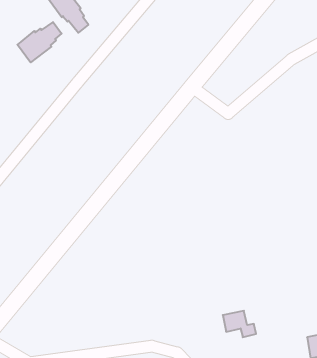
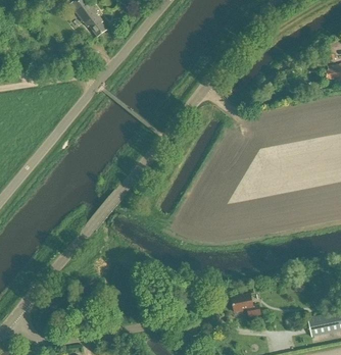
building: [17,22,62,62] -> none

